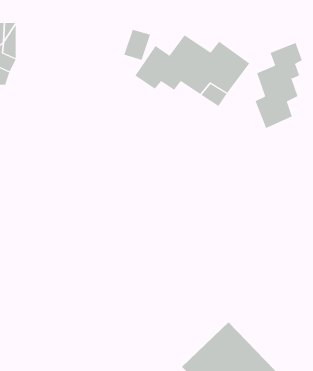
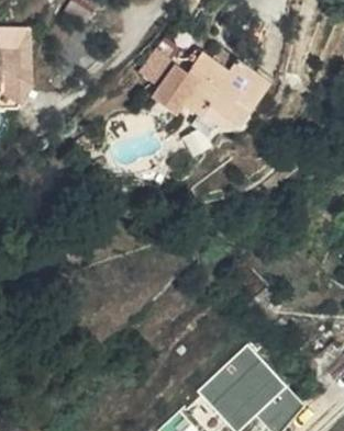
building: [255,42,302,129] -> none

